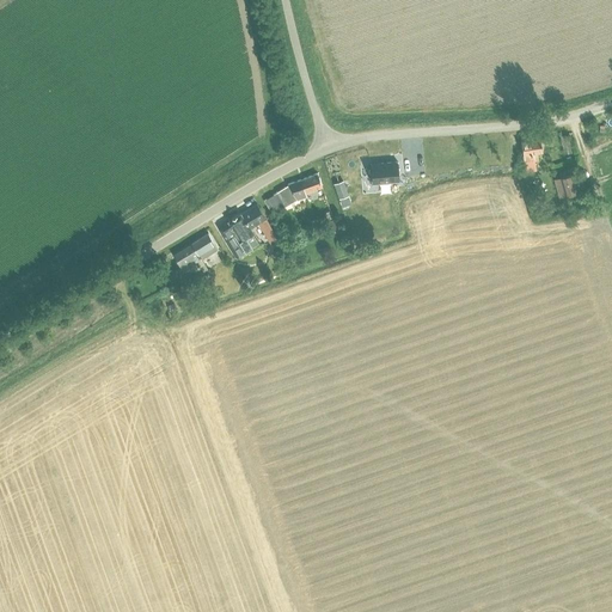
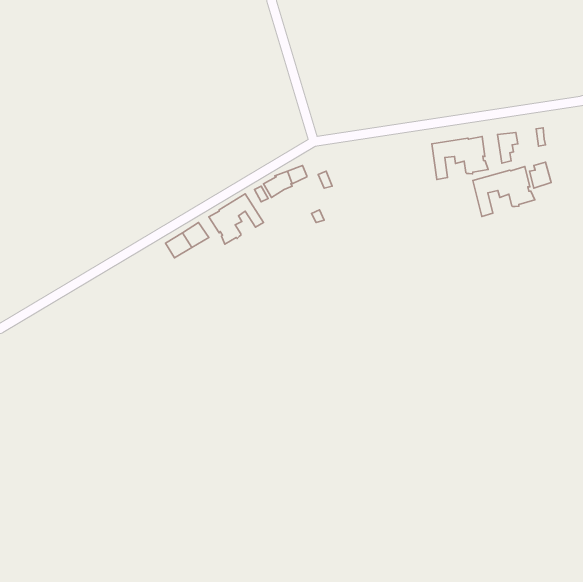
building: none -> [432,136,488,180]
building: [369,161,399,184] -> none
building: none -> [473,167,535,216]

